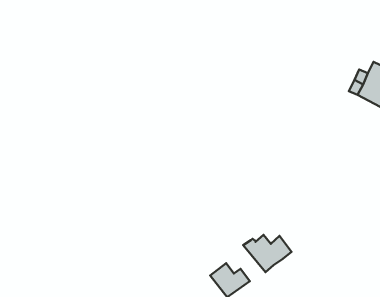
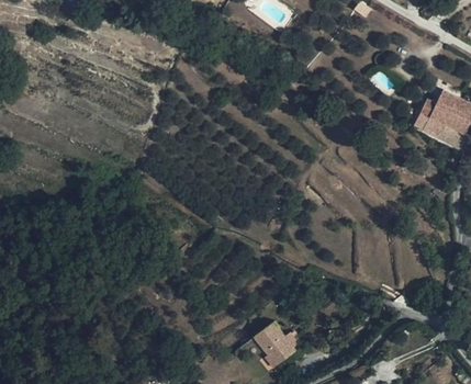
building: [243,235,292,272] -> none

